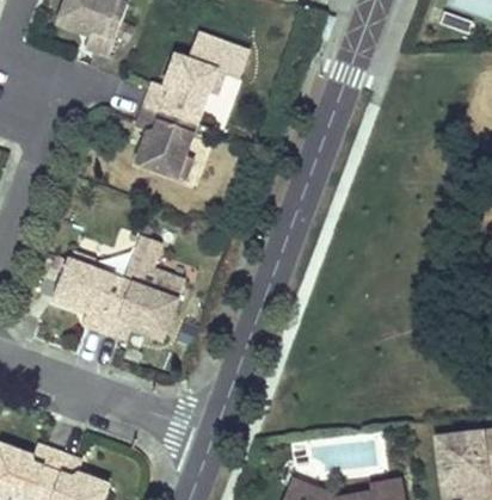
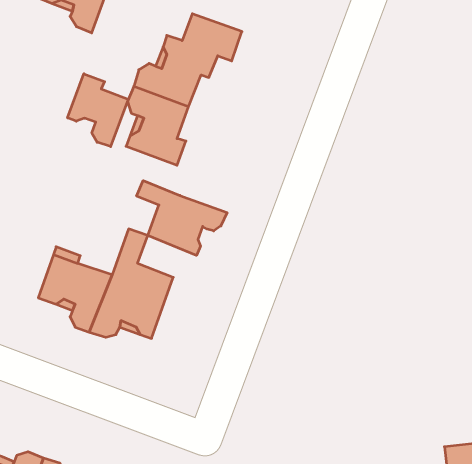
building: none -> [68,74,128,147]
building: none -> [137,181,227,255]

